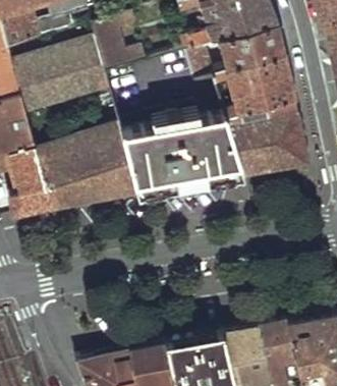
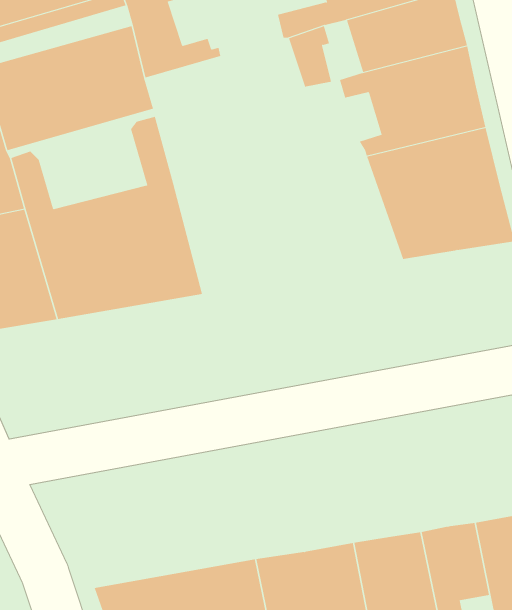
building: [121,112,249,192] -> none

